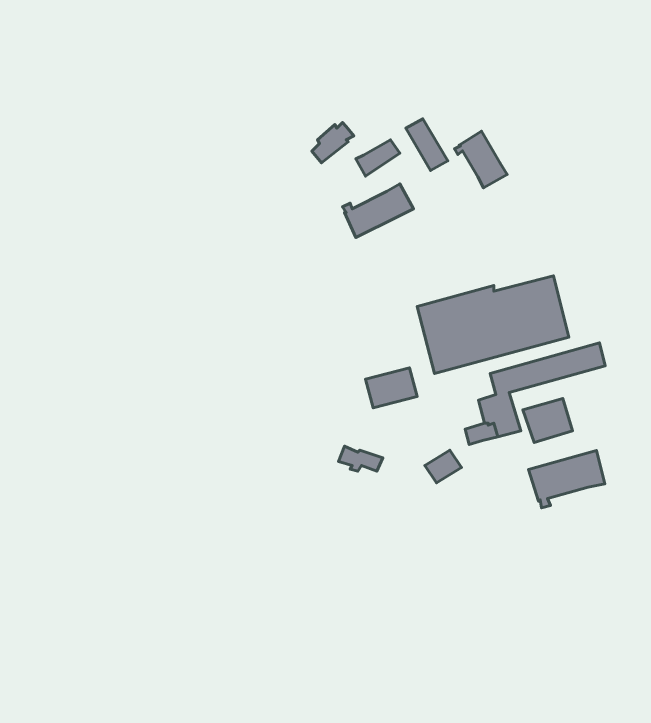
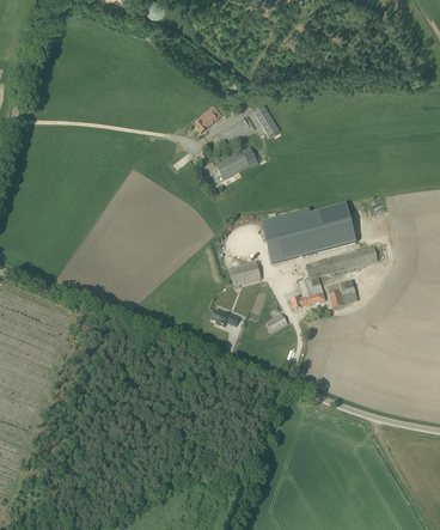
building: [455,131,507,188] -> none
building: [529,450,605,508] -> none

